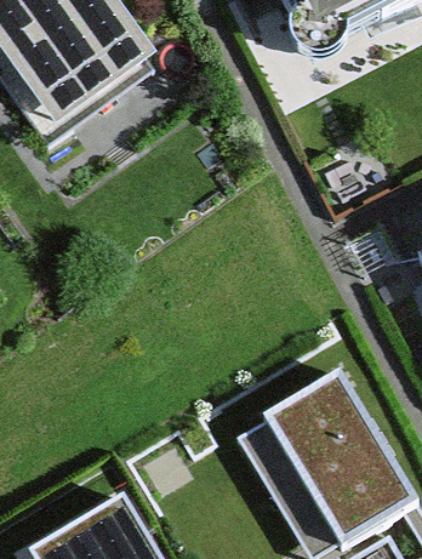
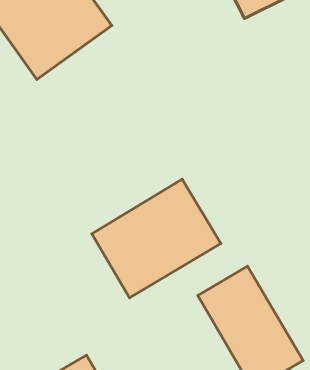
building: none -> [92,179,221,298]

